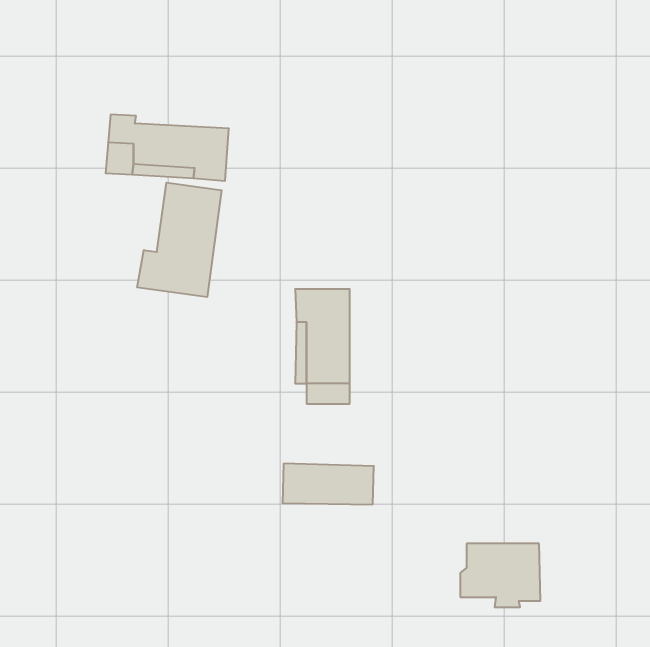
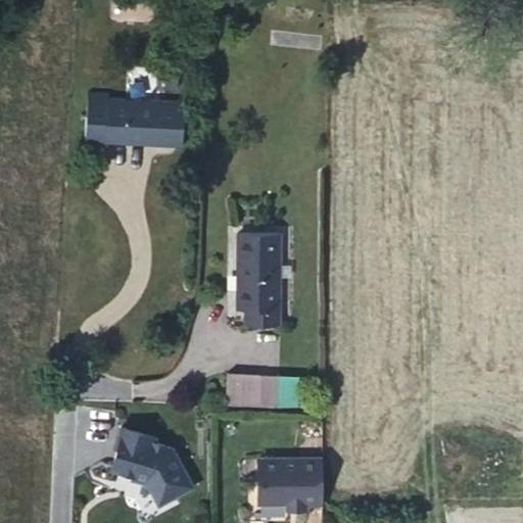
building: [137,183,222,297] -> none
building: none -> [109,424,189,503]
building: [460,544,540,607] -> [257,460,322,511]

